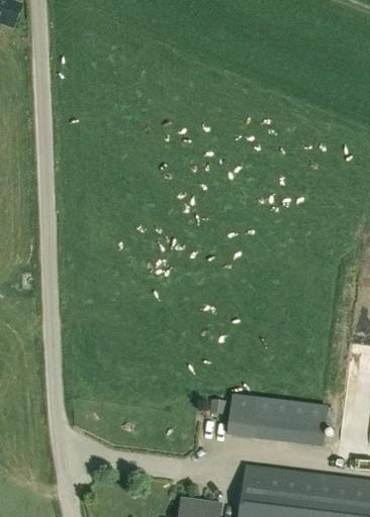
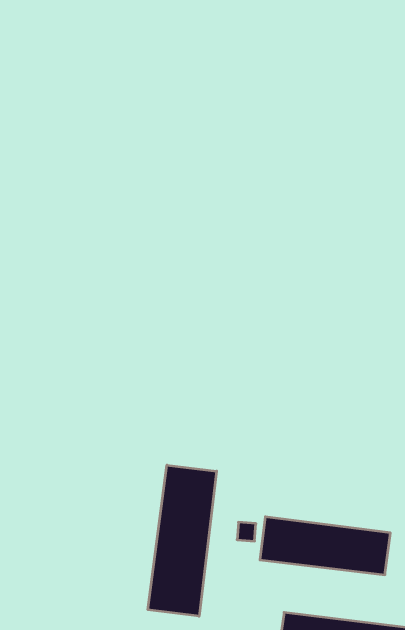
building: none -> [148,465,217,616]

